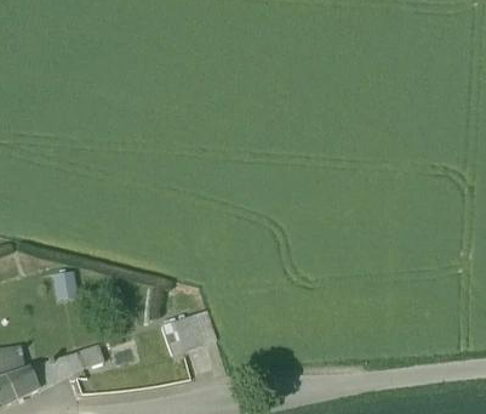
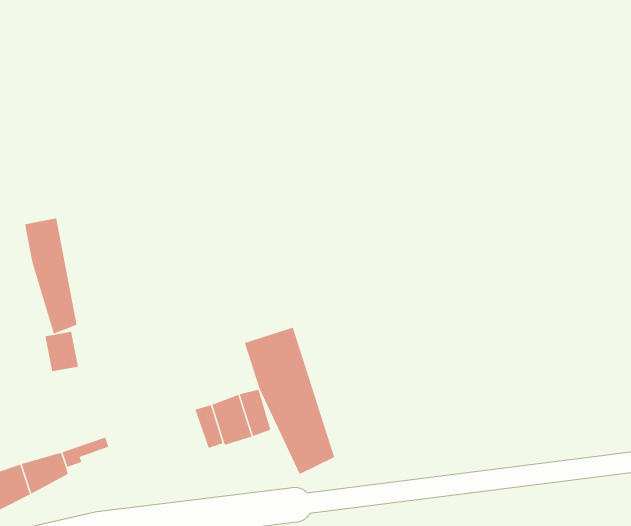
building: none -> [25,218,77,335]
building: none -> [244,327,335,475]

